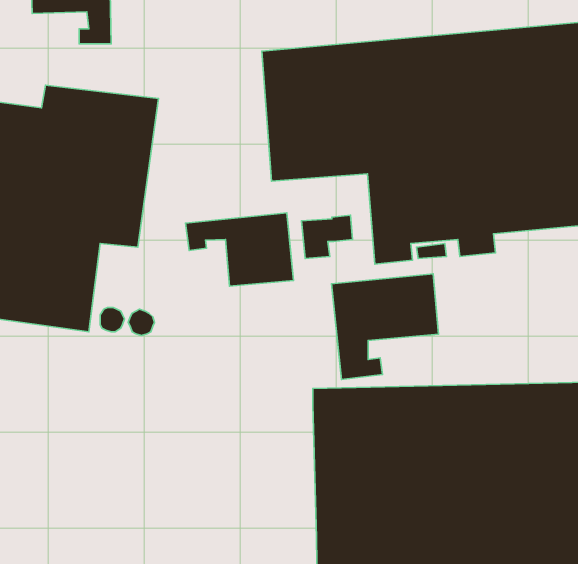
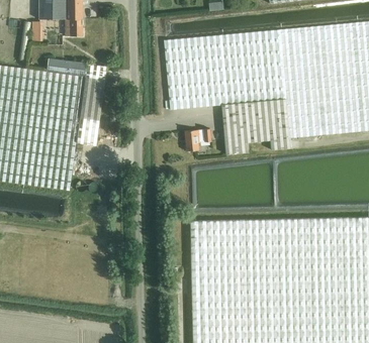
building: [185,213,294,286] -> none
building: [332,274,438,379] -> none

